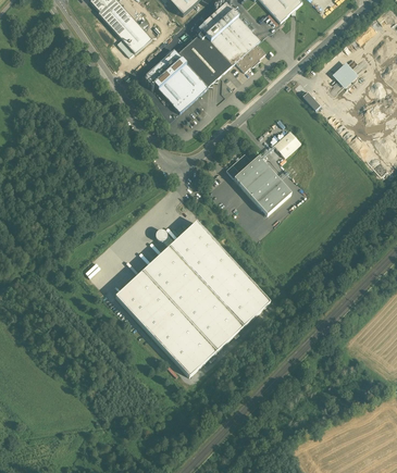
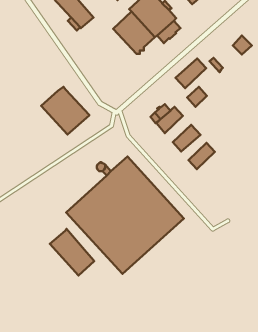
building: [145,49,208,112] -> [41,87,89,135]
building: none -> [176,59,206,88]
building: [245,167,280,202] -> [188,143,215,169]
building: none -> [50,229,94,275]

